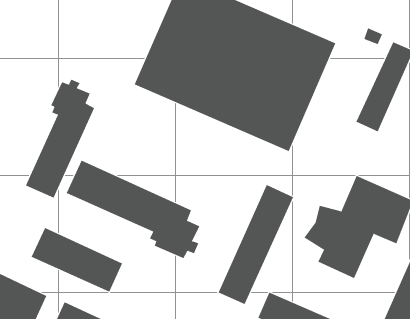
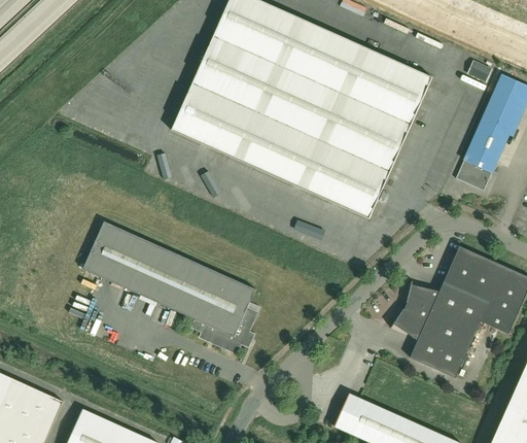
building: [25,79,95,199] -> none
building: [218,184,294,305] -> none
building: [31,227,123,292] -> none

